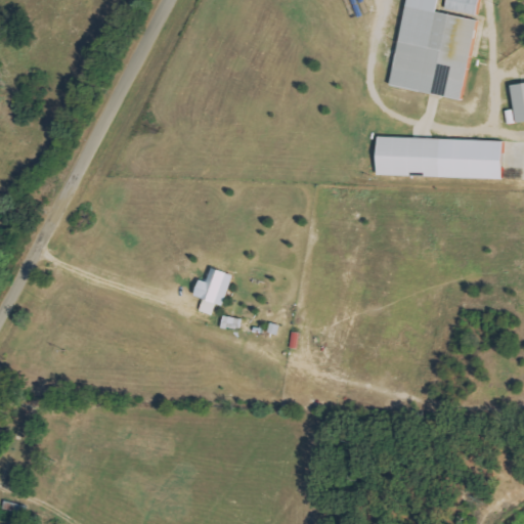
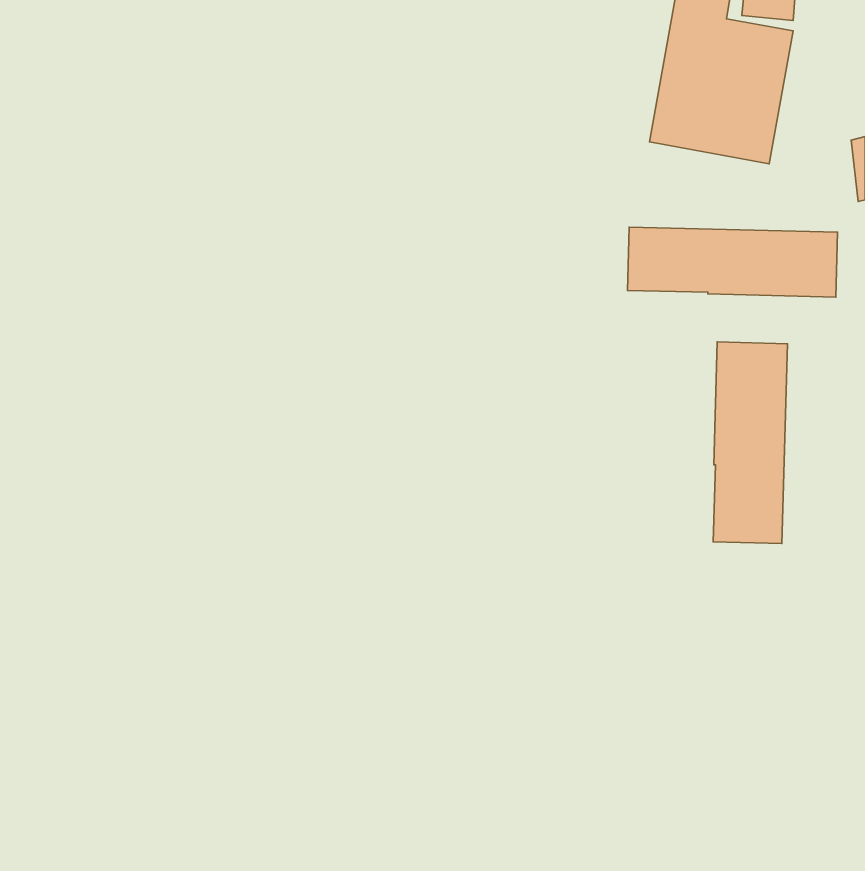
building: none -> [713,342,787,544]
building: [194,268,225,302] -> none

